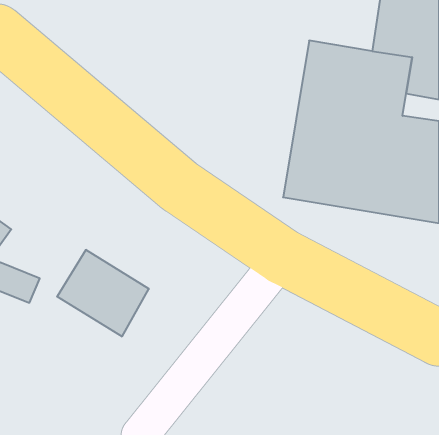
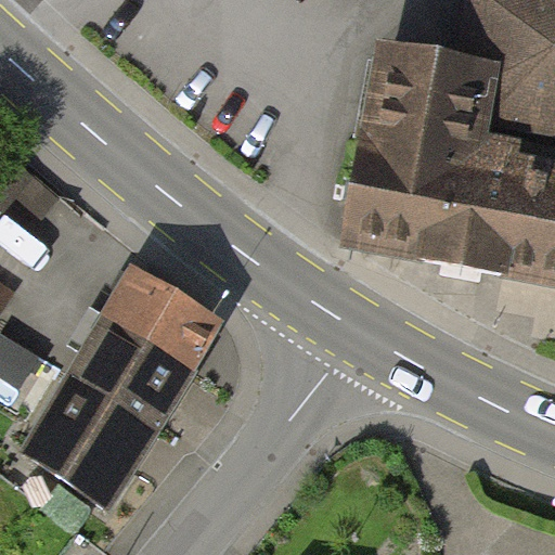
building: none -> [107,268,214,362]
building: none -> [24,372,153,501]

